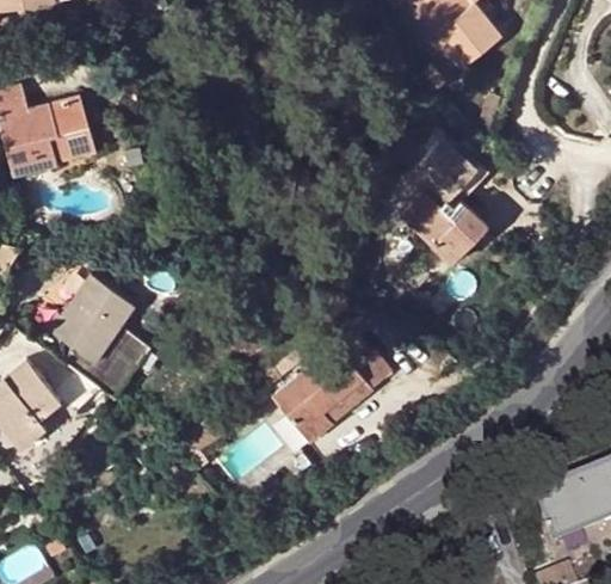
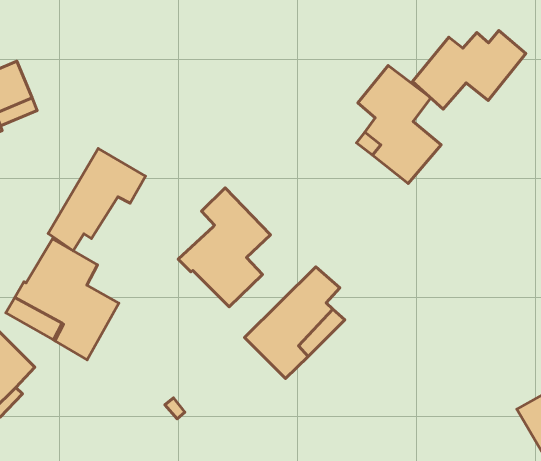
building: none -> [413,30,526,109]
building: none -> [48,148,145,251]
building: none -> [178,188,271,307]

